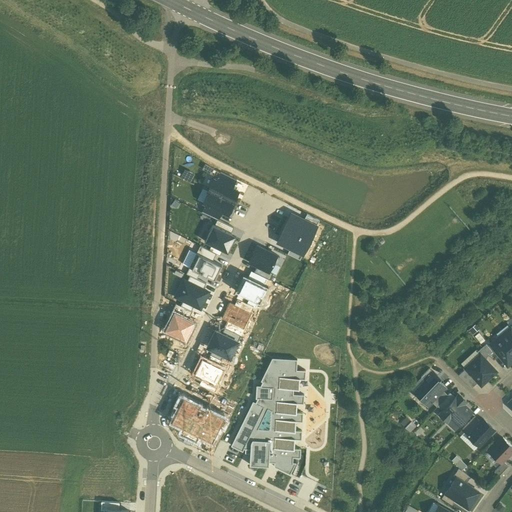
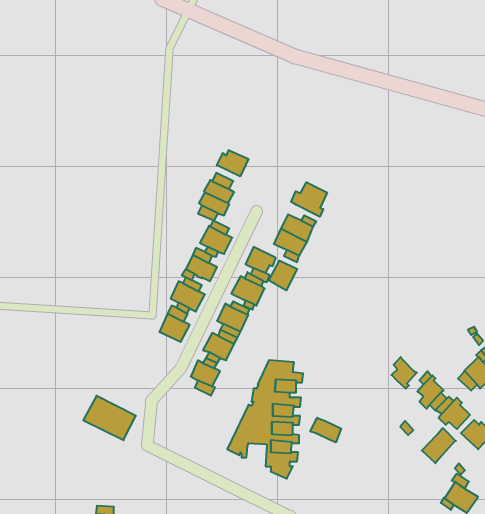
building: none -> [217,150,248,176]
building: none -> [291,182,327,217]
building: none -> [269,261,297,290]
building: none -> [391,357,417,389]
building: [172,397,224,441] -> [83,396,136,440]
building: none -> [310,418,341,442]
building: none -> [422,428,456,463]
building: [250,440,270,467] -> none

